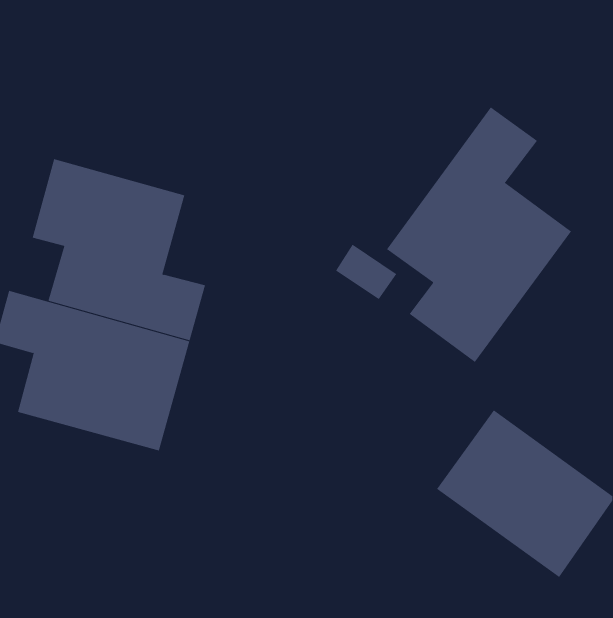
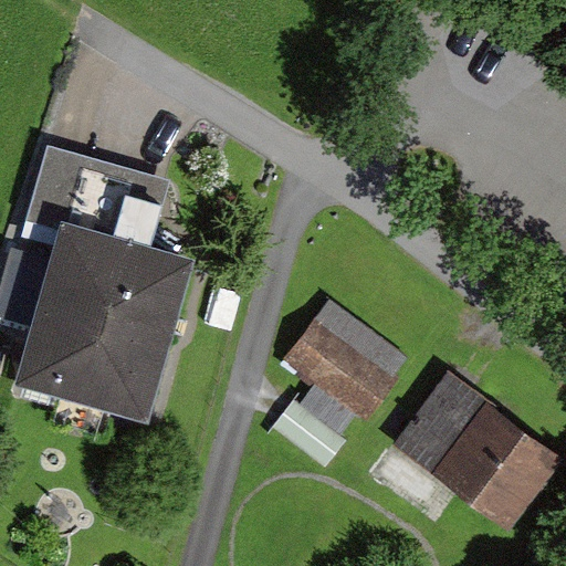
building: [386,107,572,363] -> none
building: none -> [277,306,407,465]

